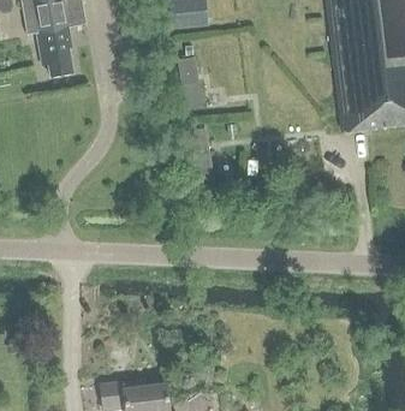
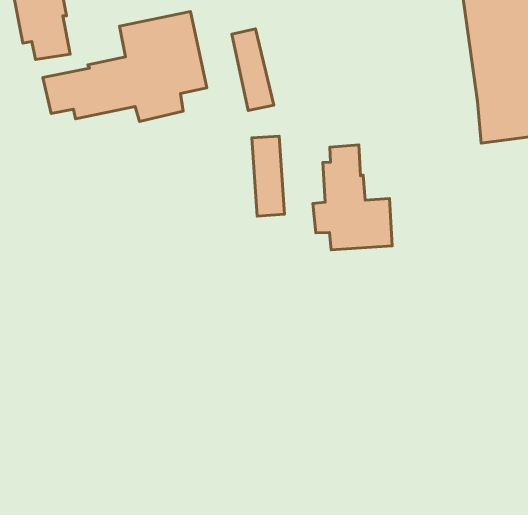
building: none -> [43,12,207,122]
building: none -> [313,145,392,250]

